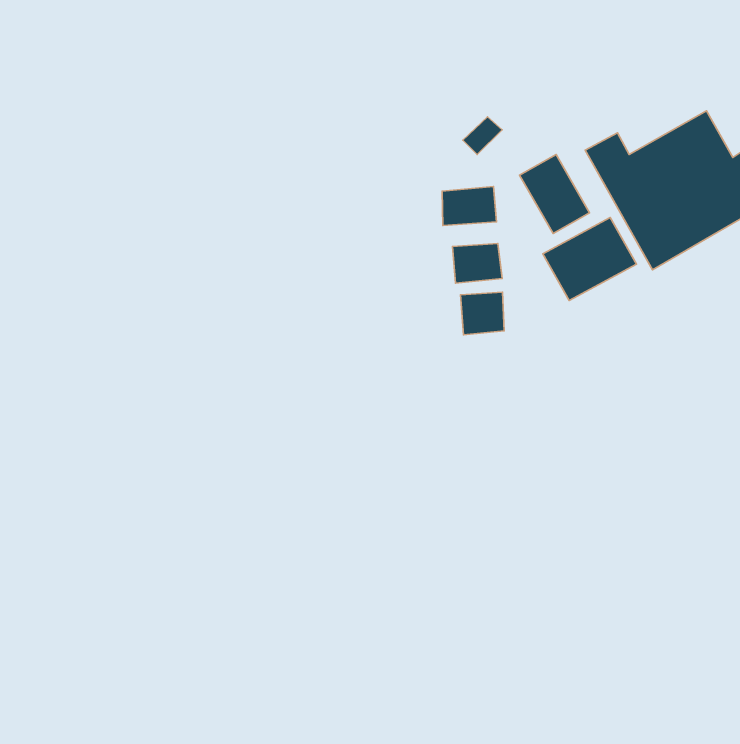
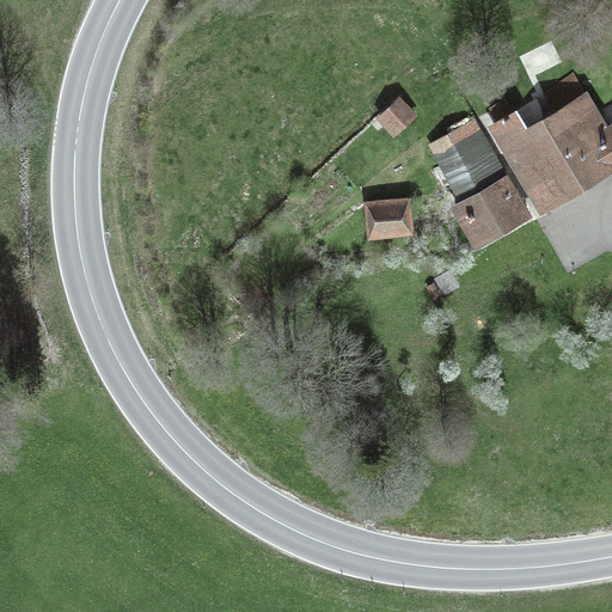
building: [442,186,496,225] -> none
building: [460,292,504,335] -> none

